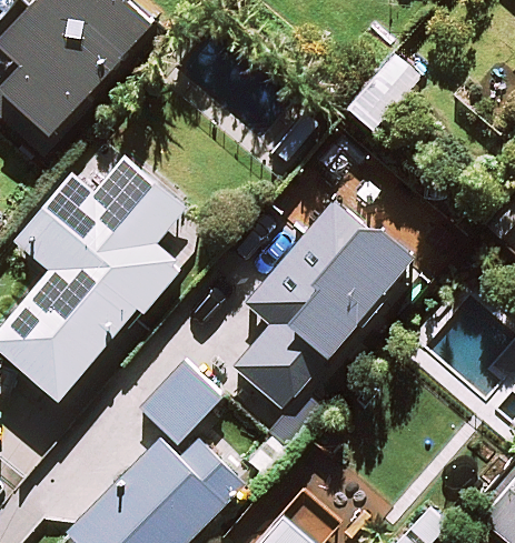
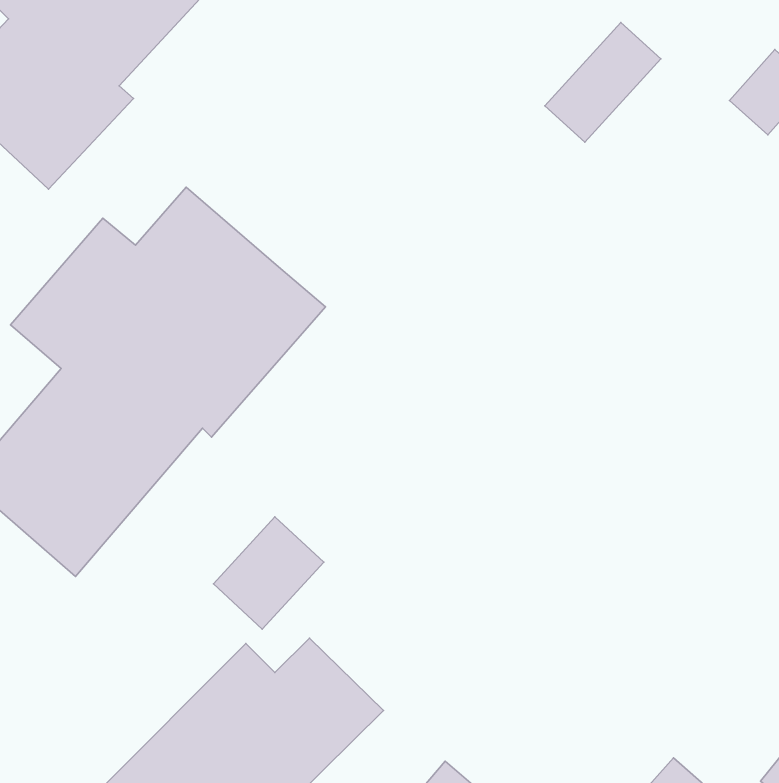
building: [231,198,408,410] -> none

